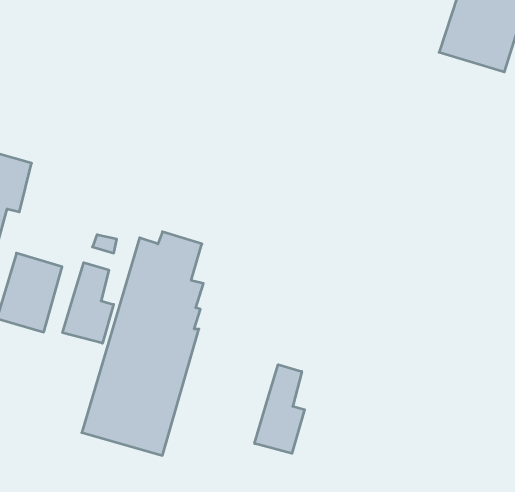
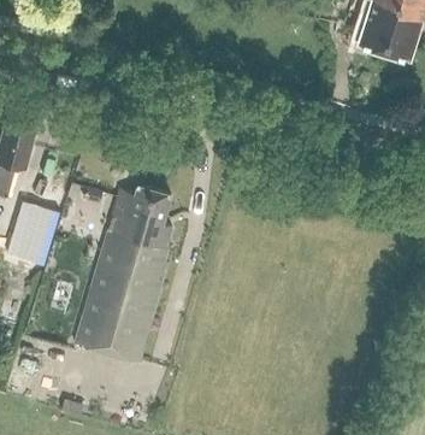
building: [63,263,114,343] -> none
building: [255,365,305,453] -> none

